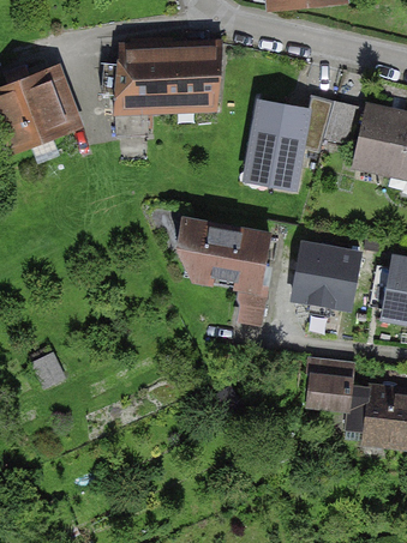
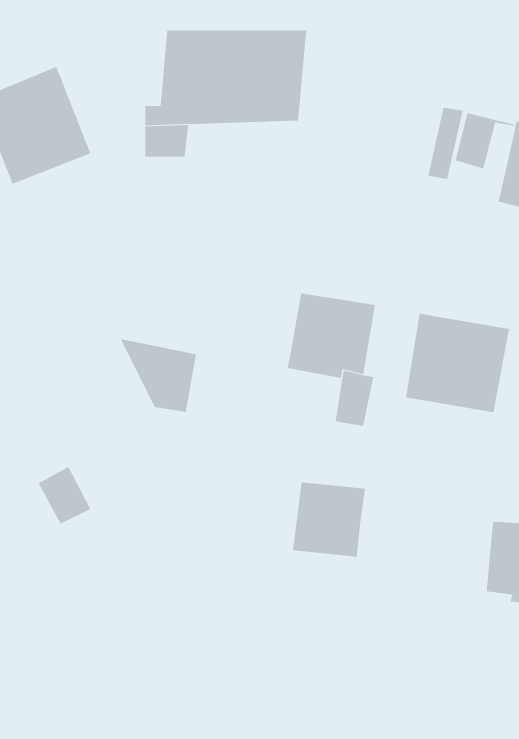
building: [247,102,310,193] -> none
building: [163,216,217,267] -> [120,339,197,412]
building: [304,356,355,409] -> [292,482,366,557]

